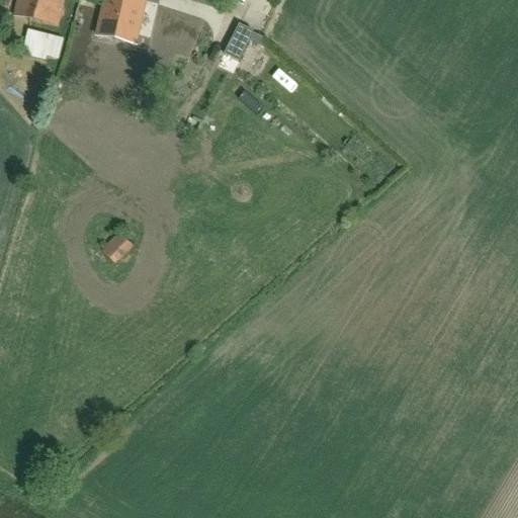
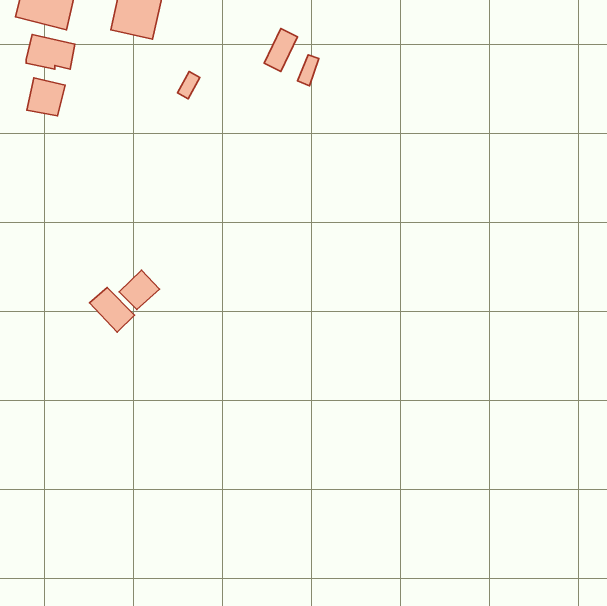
building: none -> [27,78,65,116]
building: none -> [90,287,135,332]

